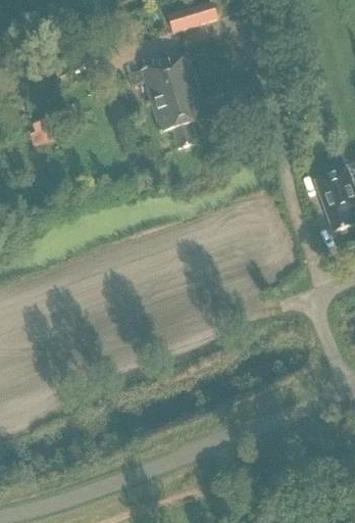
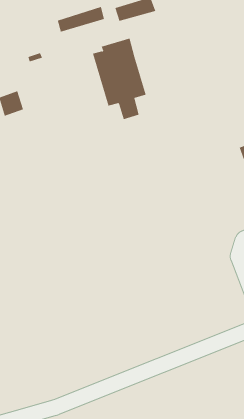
building: none -> [57,6,104,32]

